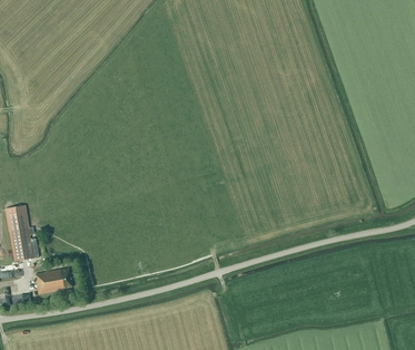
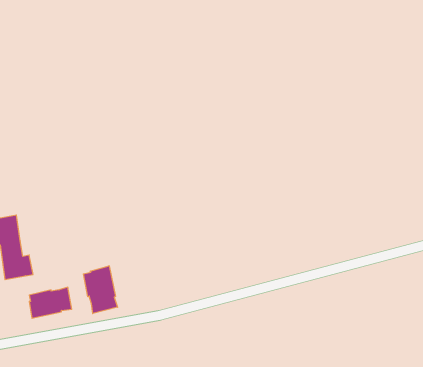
building: none -> [83,266,118,314]

